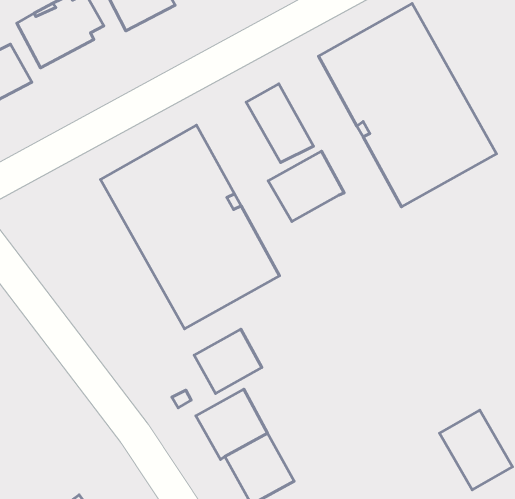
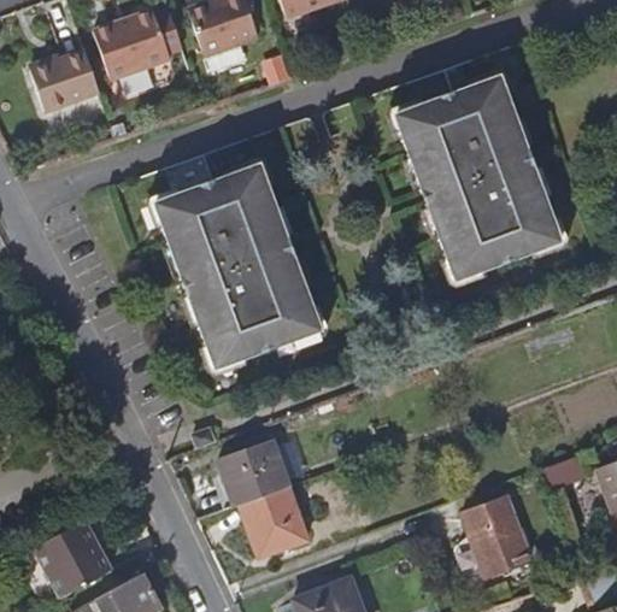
building: [246,84,314,162] -> none
building: [268,151,344,222] -> none
building: [194,329,262,393] -> none

